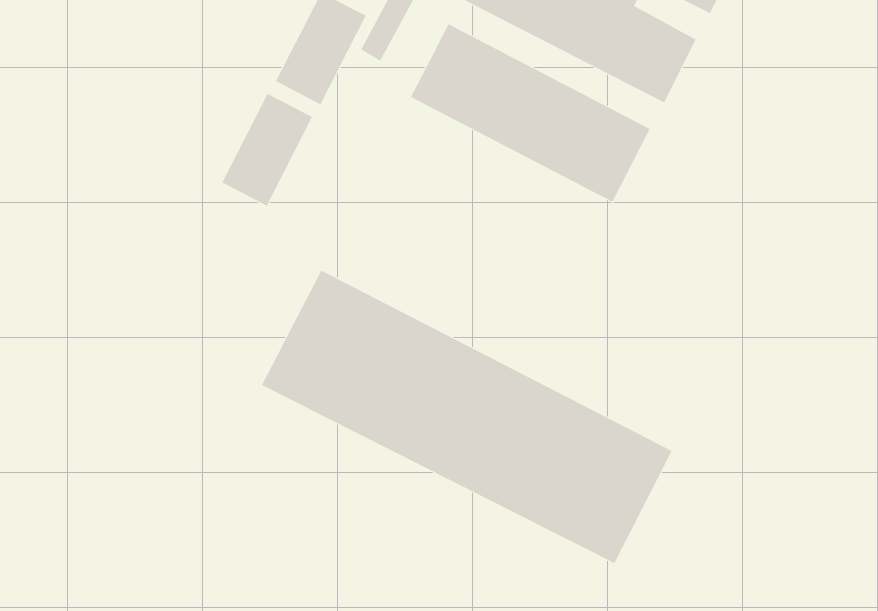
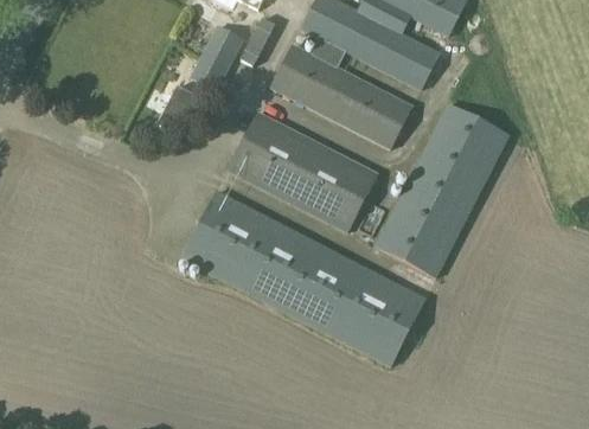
building: none -> [373,102,510,277]
building: none -> [226,110,378,231]

